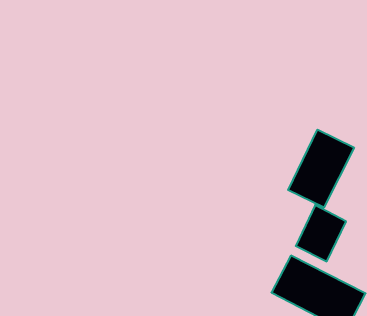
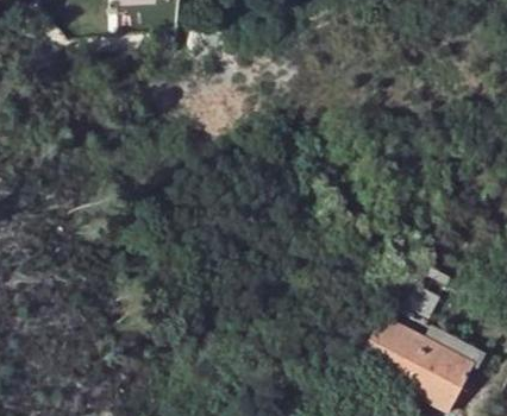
building: [288,130,354,207] -> none

